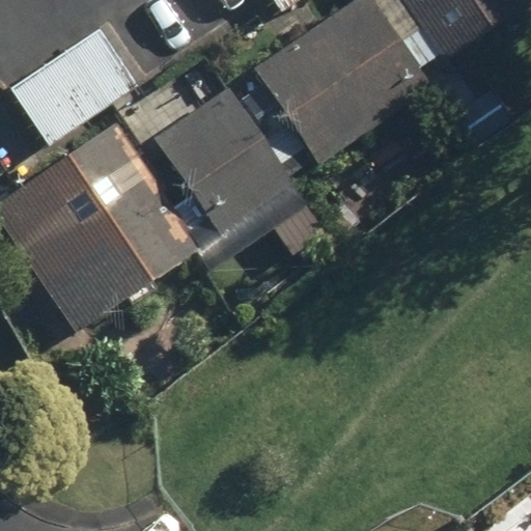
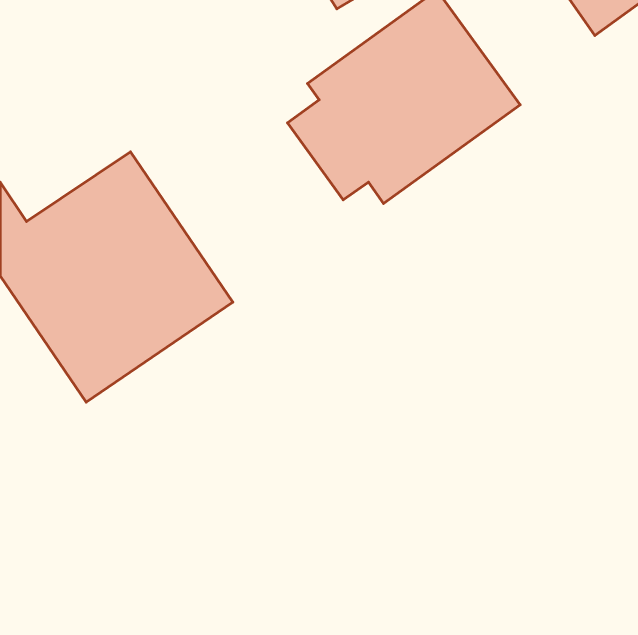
building: [11,27,140,145] -> none
building: [144,72,299,240] -> none

